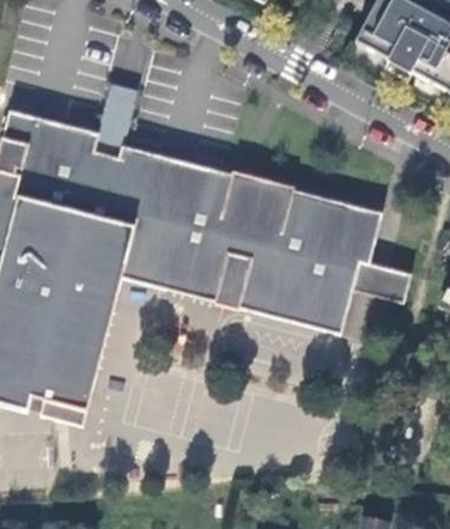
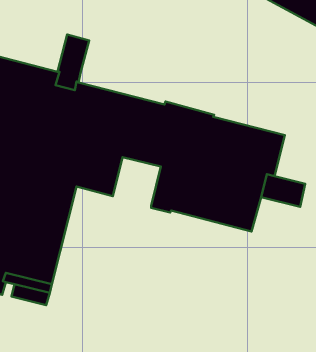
building: [166,241,226,302] -> none

